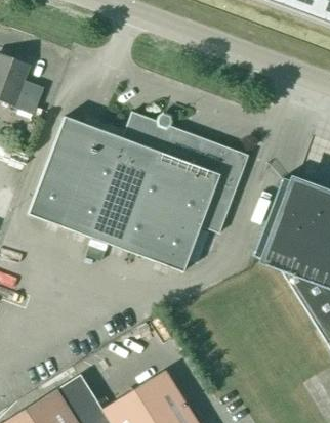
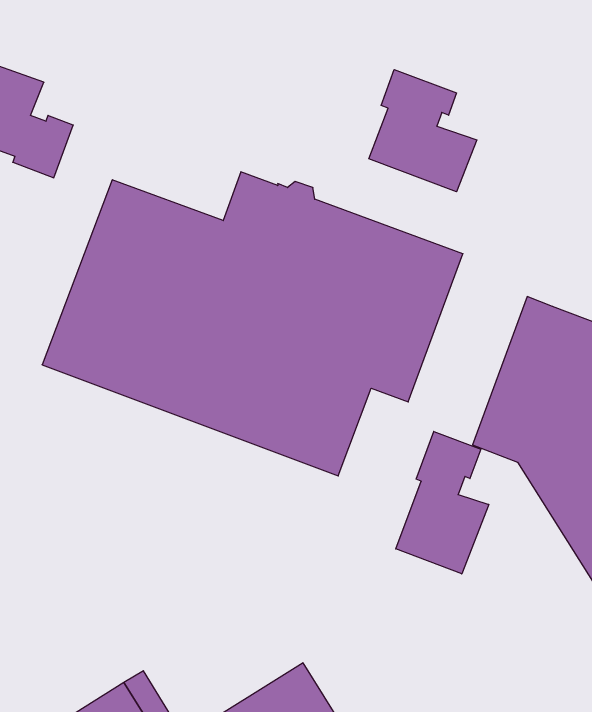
building: none -> [369,70,477,192]
building: none -> [396,431,489,574]

